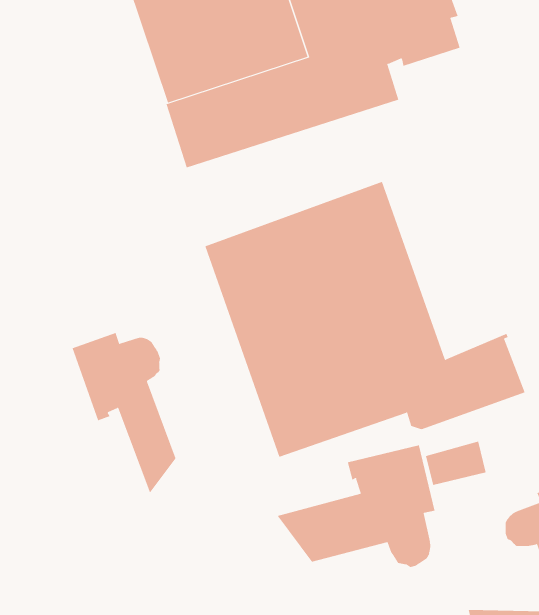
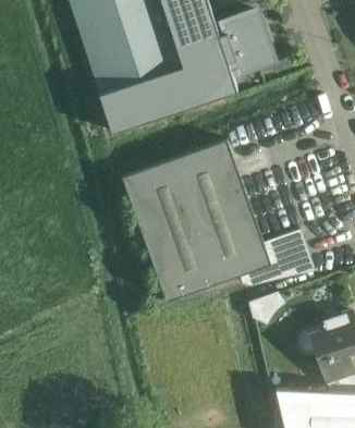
building: [72,332,176,494] -> none
building: [277,444,435,568] -> none

